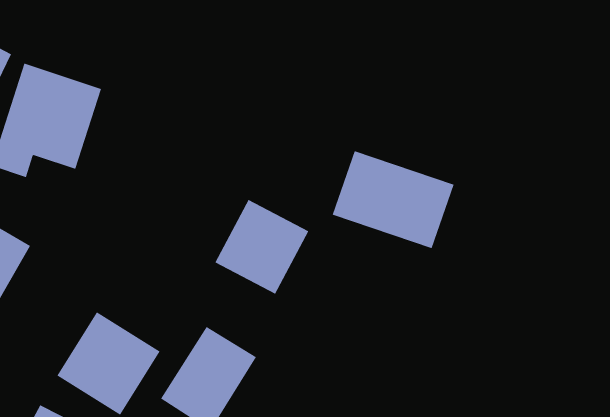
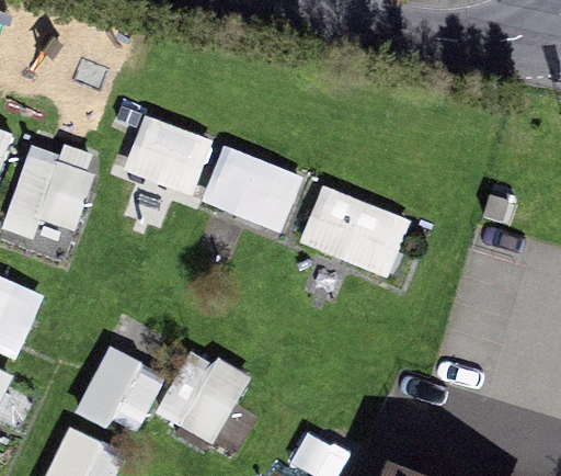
building: none -> [122,113,214,199]
building: [215,199,309,295] -> [198,145,277,225]

